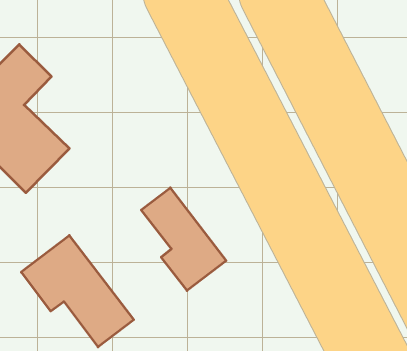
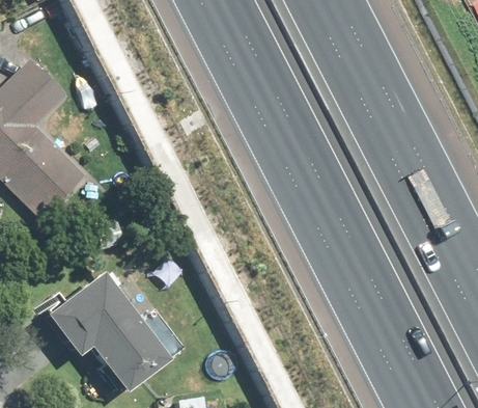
building: [141,188,226,291] -> none

